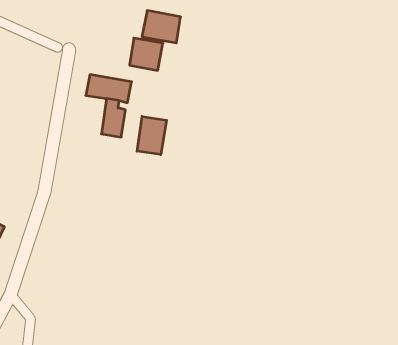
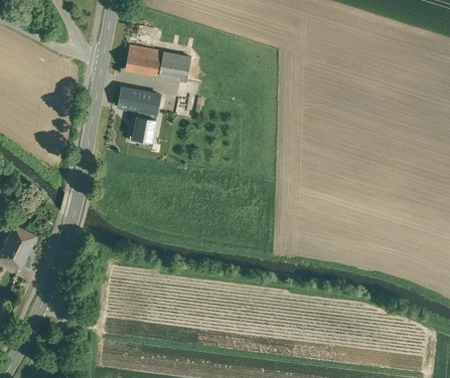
building: [142,11,181,43] -> [122,46,159,77]
building: [137,116,167,155] -> none

